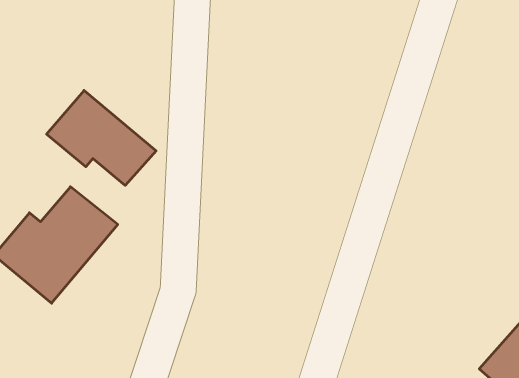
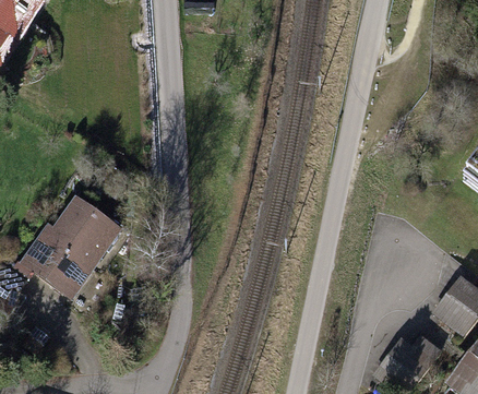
building: [47,90,156,185] -> none

